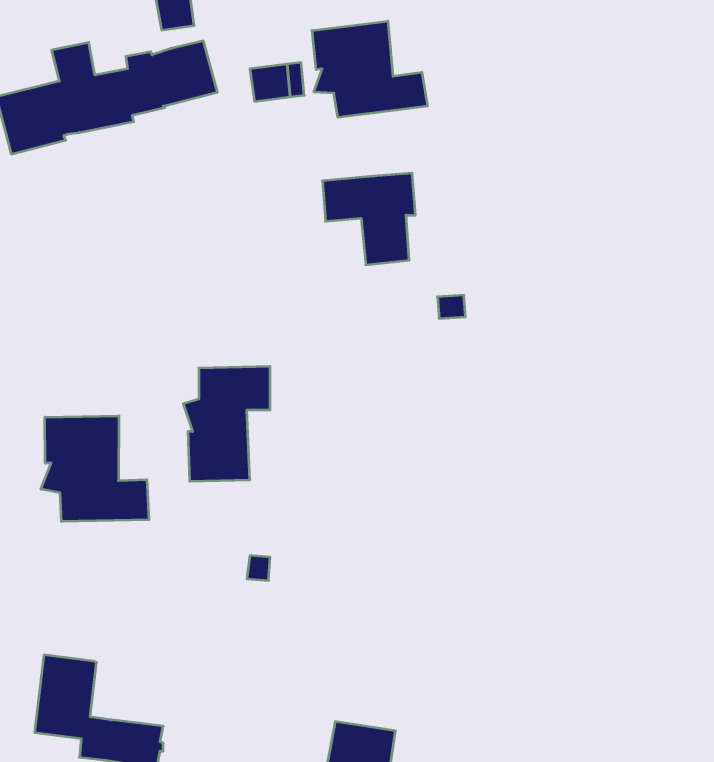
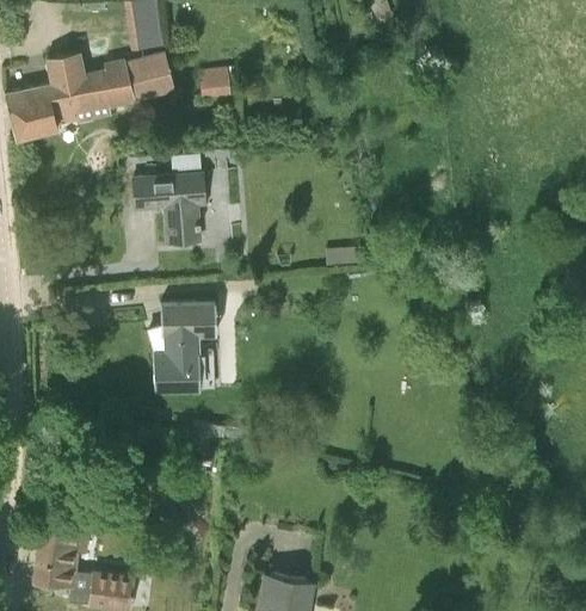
building: [312,21,427,117] -> none
building: [322,173,415,265] -> [135,173,206,243]
building: [41,416,149,522] -> none

